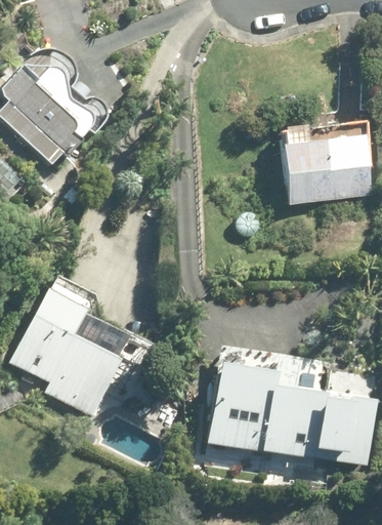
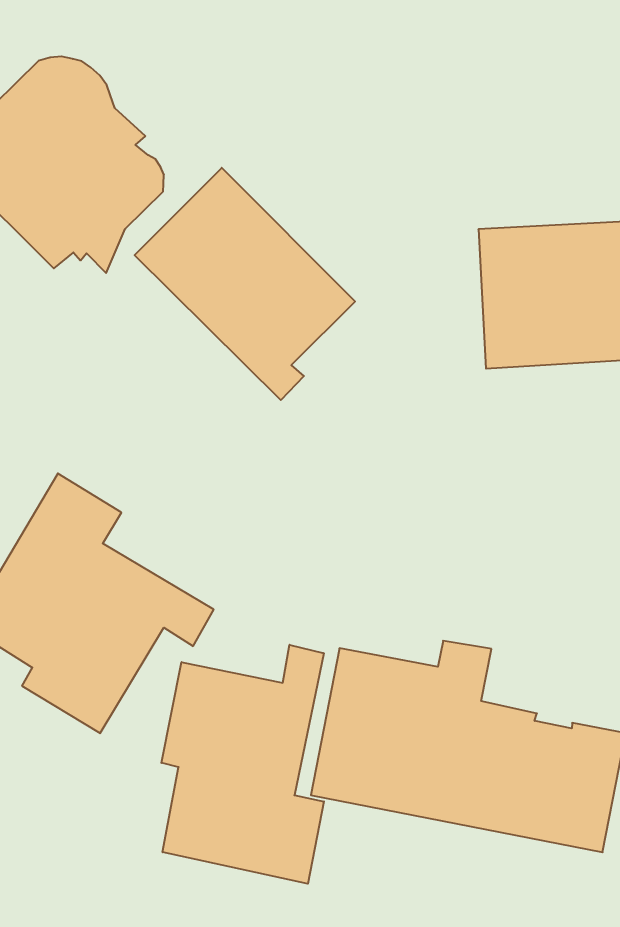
building: none -> [135,168,355,400]
building: none -> [161,645,324,884]

